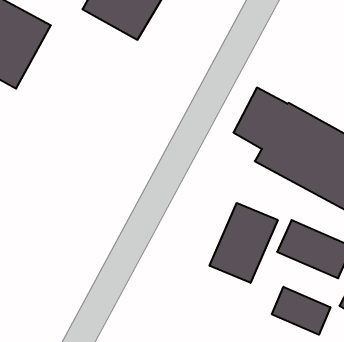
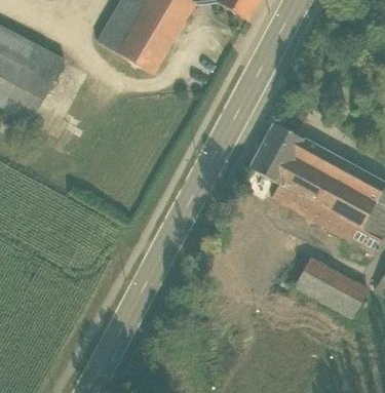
building: [210,203,278,283] -> none
building: [272,287,330,335] -> none

